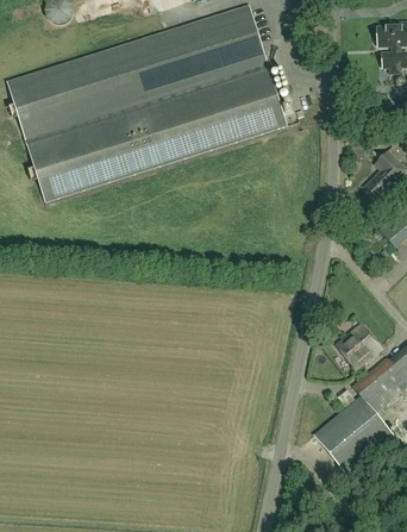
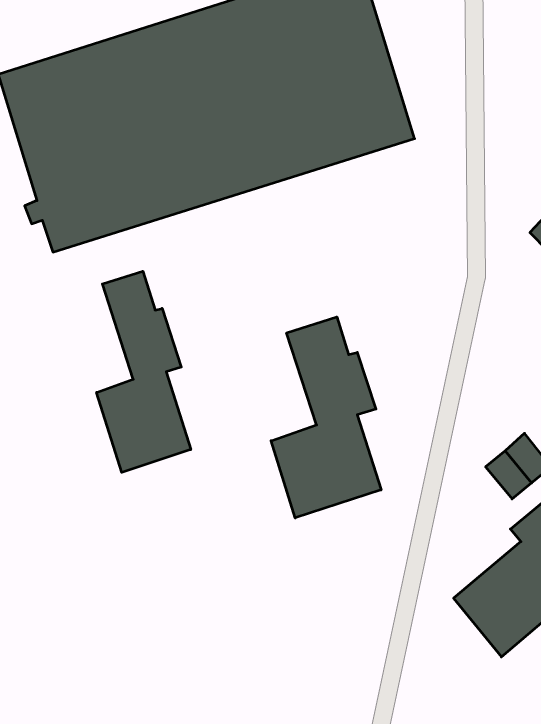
building: none -> [97,271,191,472]
building: none -> [271,317,381,518]

